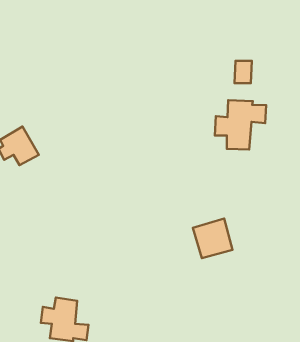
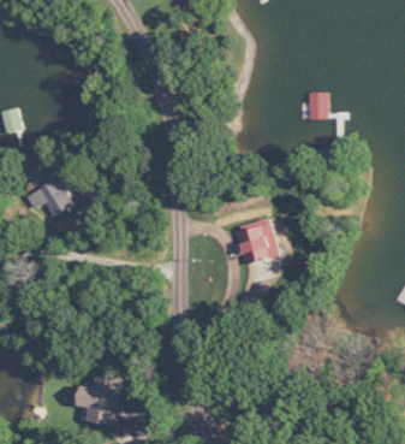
building: [215,100,266,150] -> none
building: [193,219,232,258] -> [234,219,281,266]

